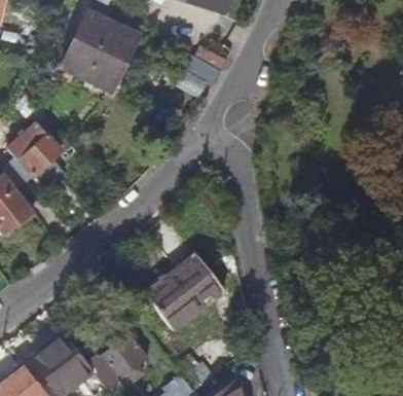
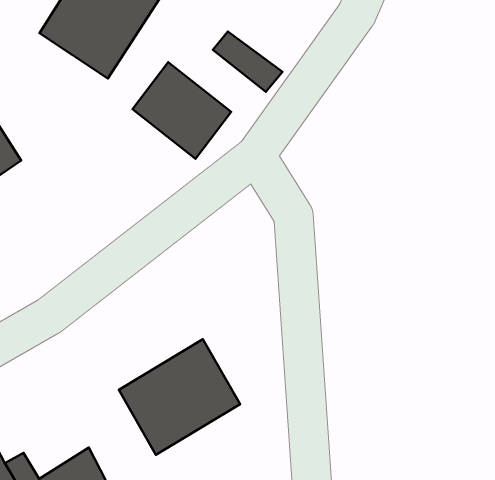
building: none -> [133,62,231,159]

